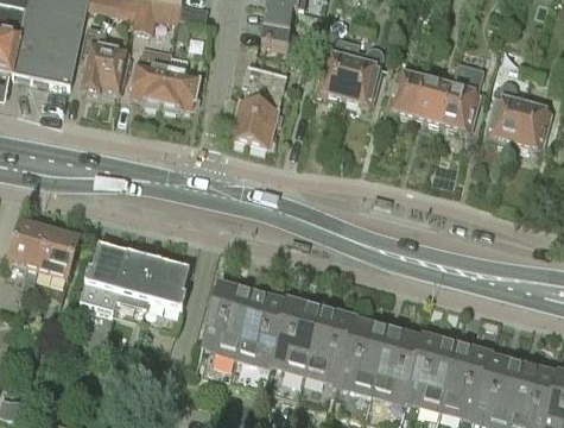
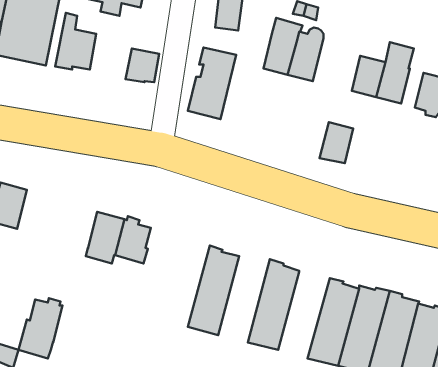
building: [131,44,171,100] -> none
building: [387,67,425,113] -> [320,122,353,163]
building: [38,225,78,276] -> none
building: [78,241,128,309] -> [18,298,63,358]
building: [202,282,255,379] -> none
building: [265,298,323,397] -> none
building: [332,317,391,415] -> none

